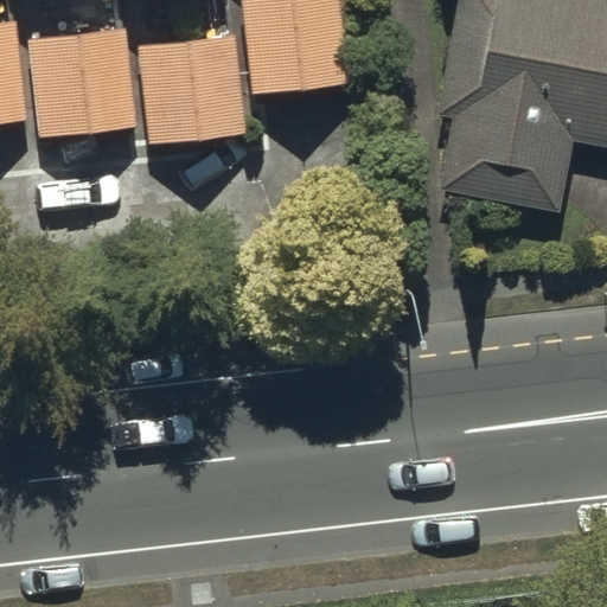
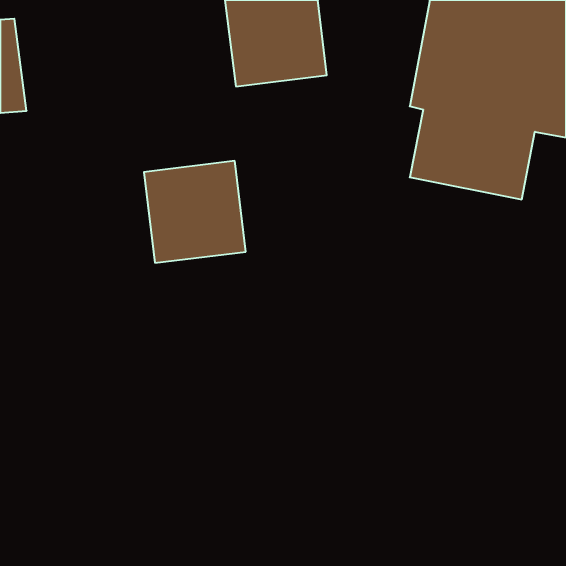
building: [28,30,135,138] -> none
building: [138,34,247,143] -> [144,161,246,263]

